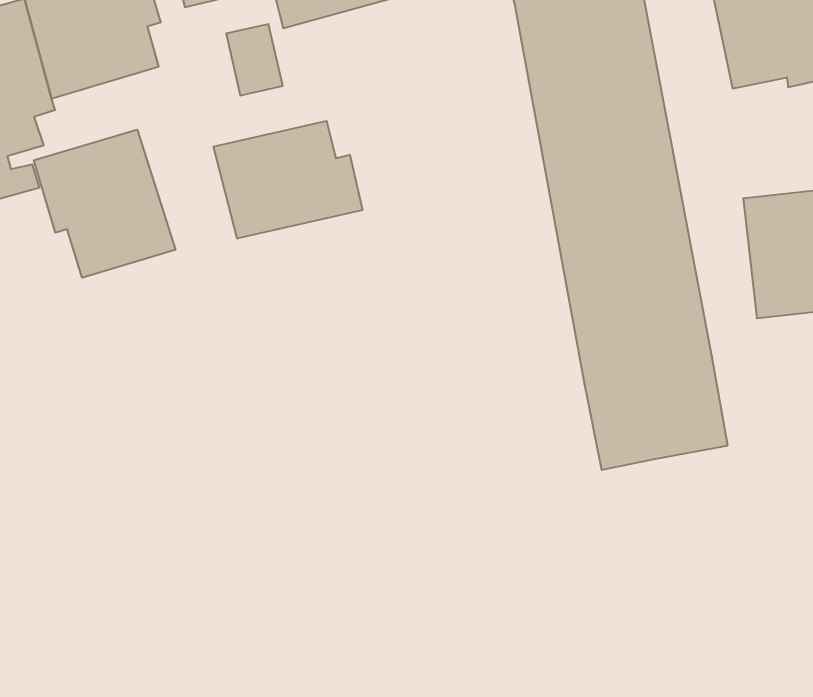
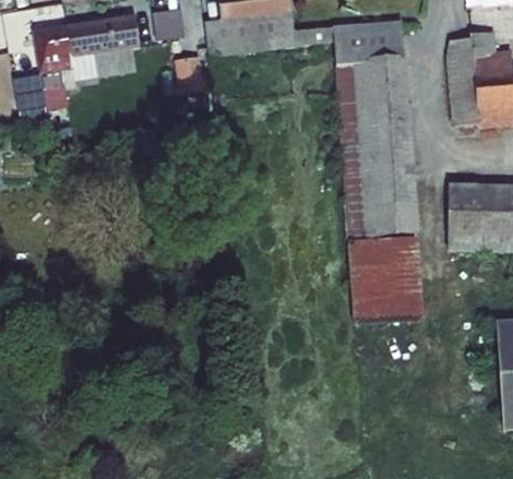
building: [213,121,362,239] -> none
building: [34,130,175,278] -> none

